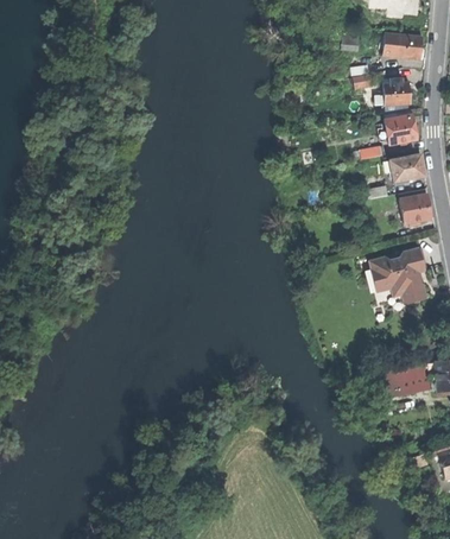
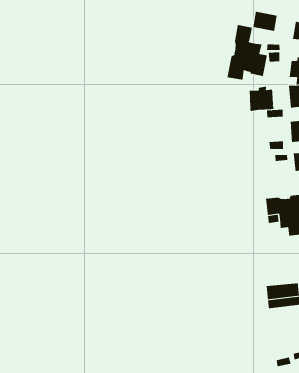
building: none -> [227,24,267,80]
building: none -> [249,86,274,112]

